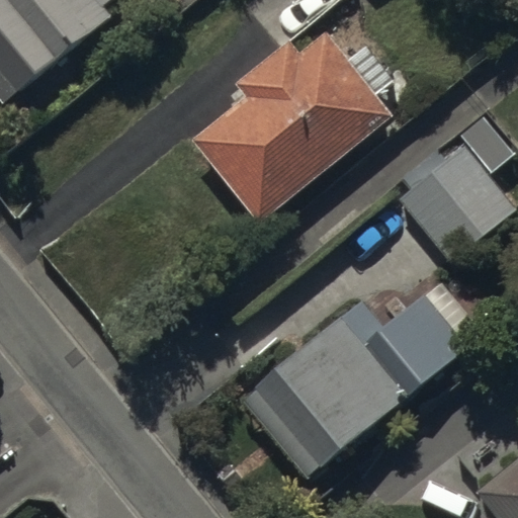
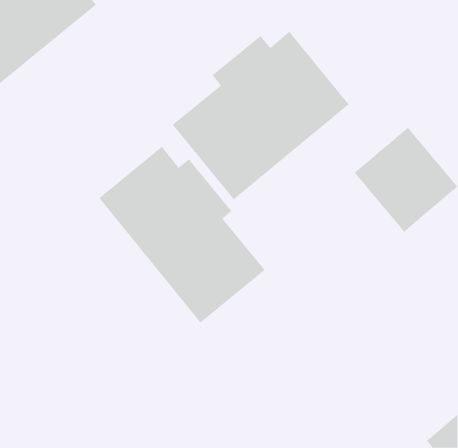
building: none -> [98,146,265,323]
building: [244,297,466,482] -> none

